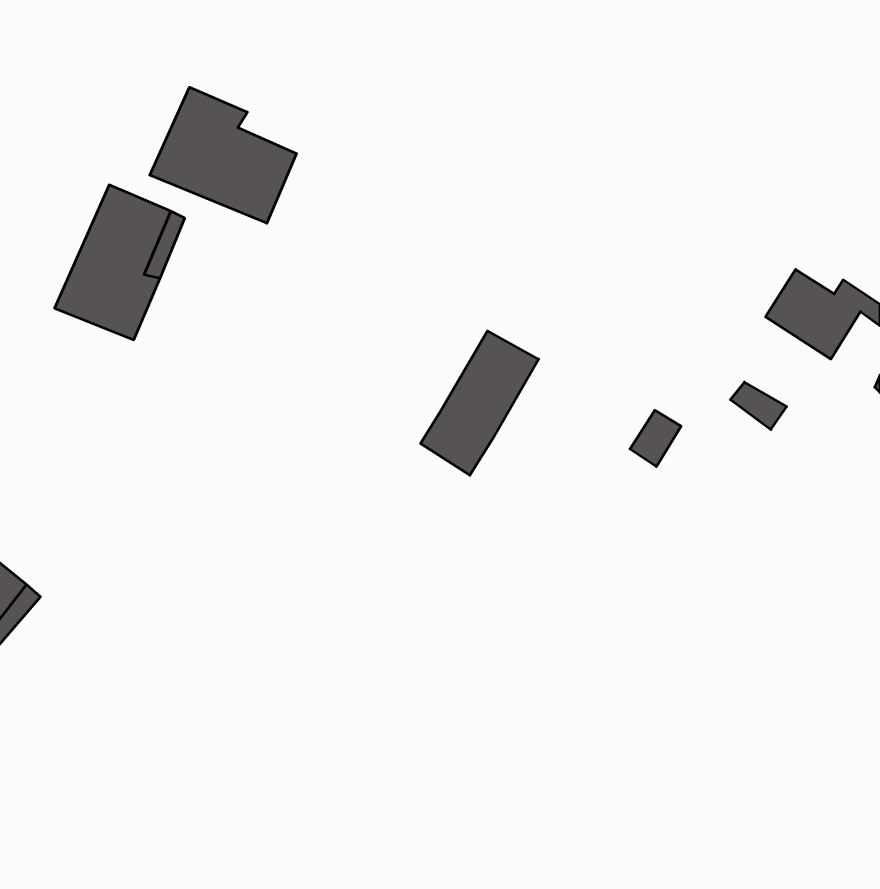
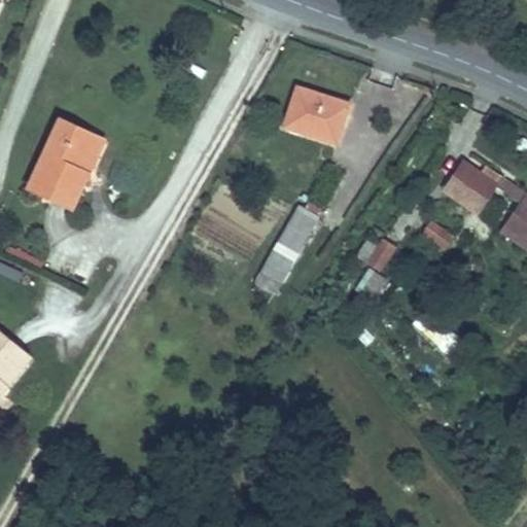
building: [150,87,297,223] -> none
building: none -> [277,84,346,144]

